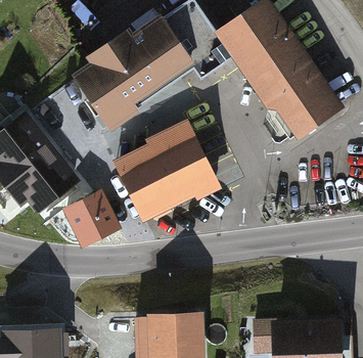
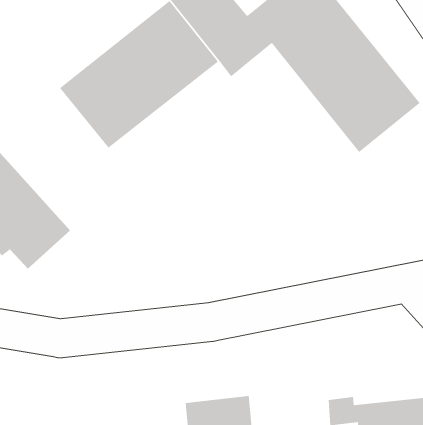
building: [117,120,219,216] -> none
building: [69,193,118,245] -> none

